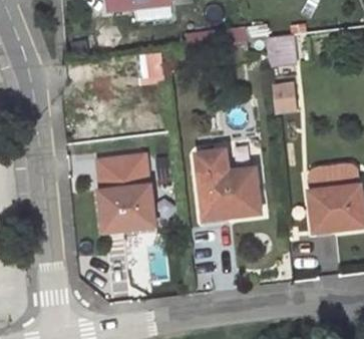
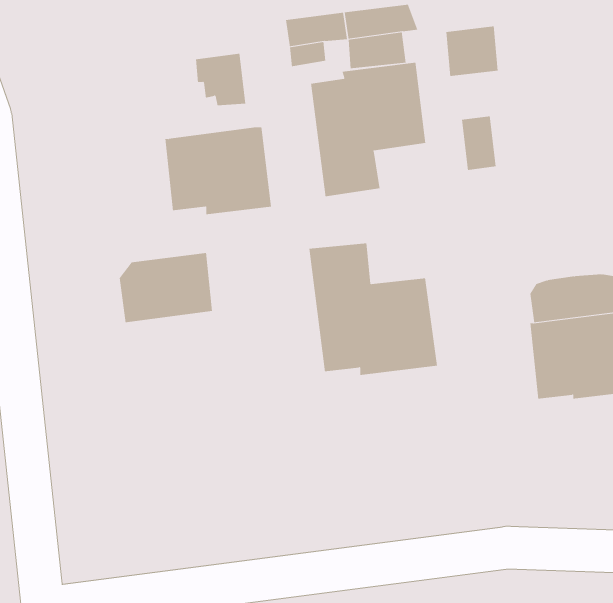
building: none -> [310,62,426,197]
building: [99,185,154,230] -> [164,127,272,215]

